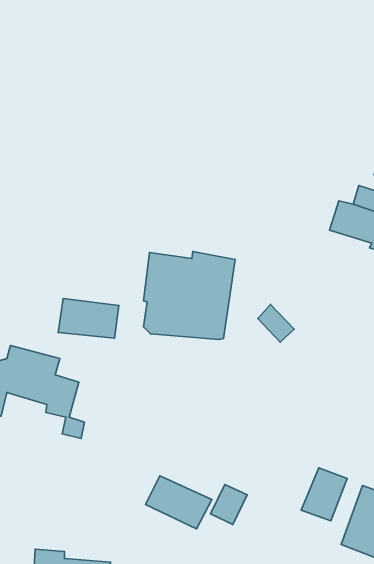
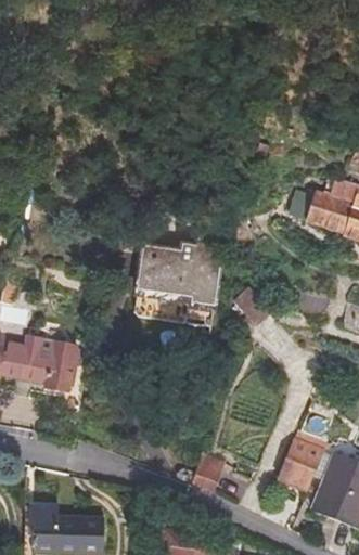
building: [58,299,119,338] -> none
building: [146,476,212,529] -> none

